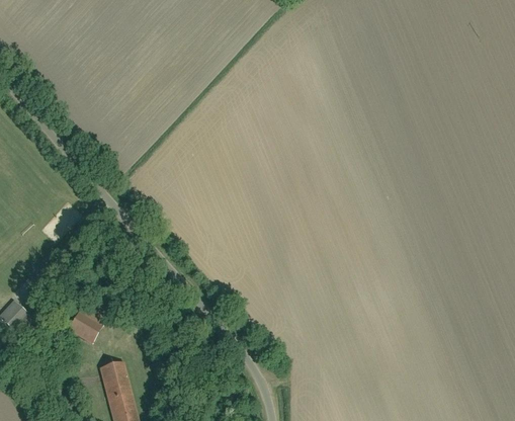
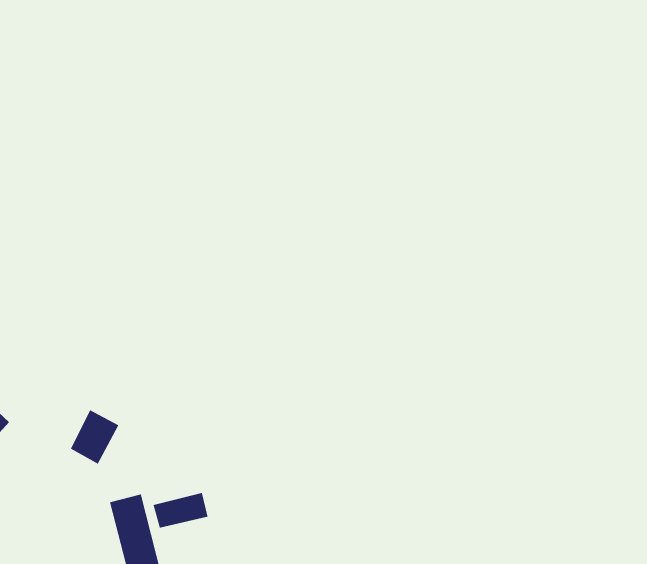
building: none -> [153,492,208,529]

